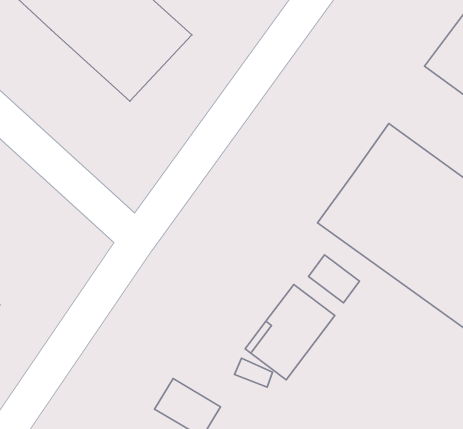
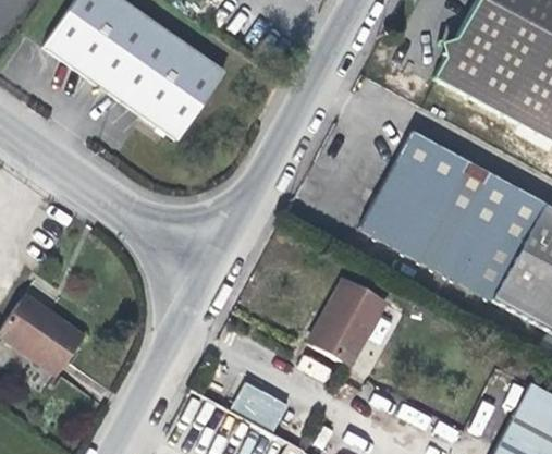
building: [309,255,360,303] -> none

